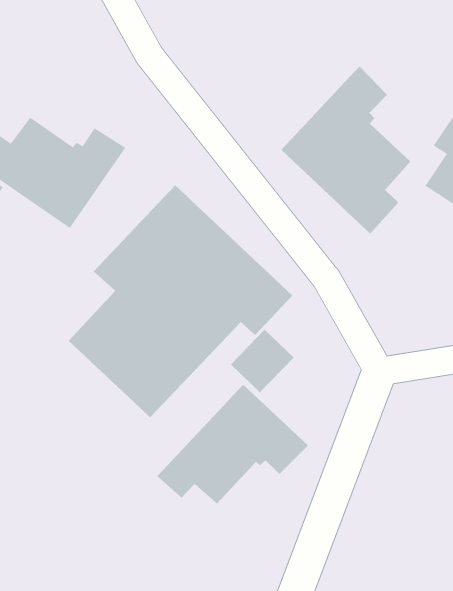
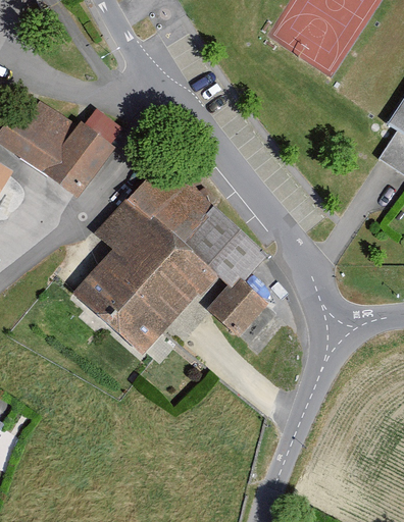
building: [280,66,411,234] -> none
building: [156,384,309,504] -> none

